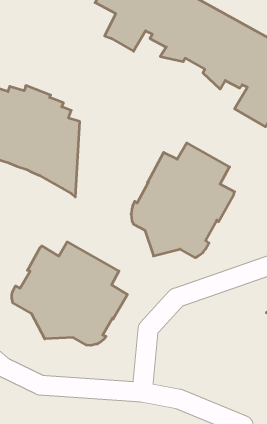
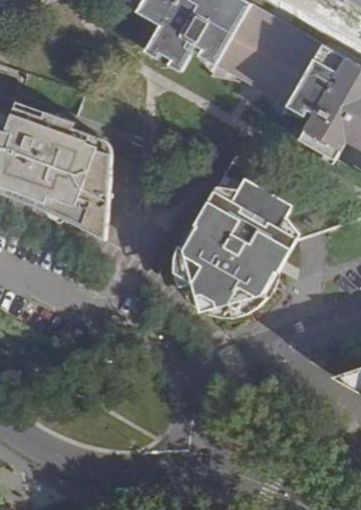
building: [12,242,127,345] -> none

